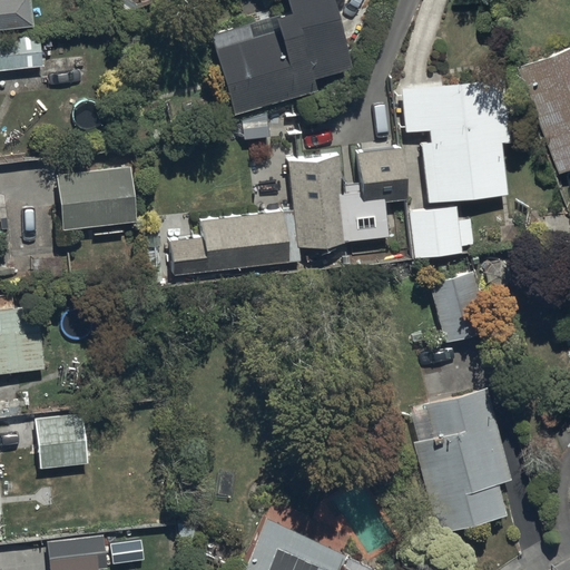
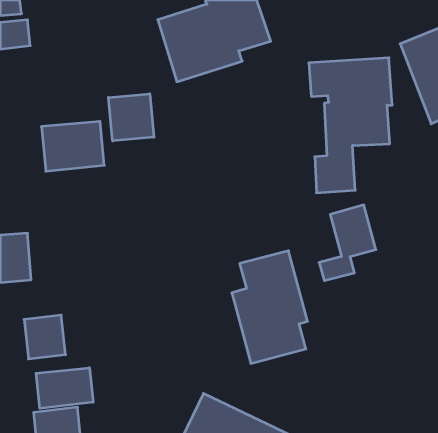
building: none -> [108,94,154,141]
building: [170,150,405,275] -> none
building: [413,389,511,534] -> [232,251,308,363]
building: none -> [36,368,93,408]

